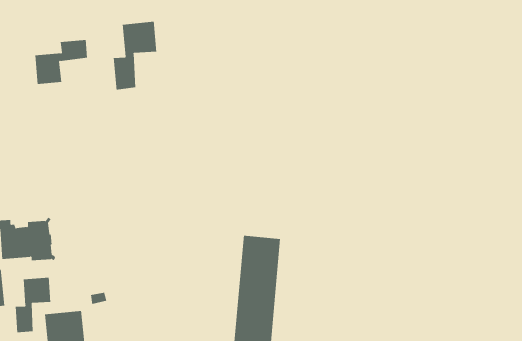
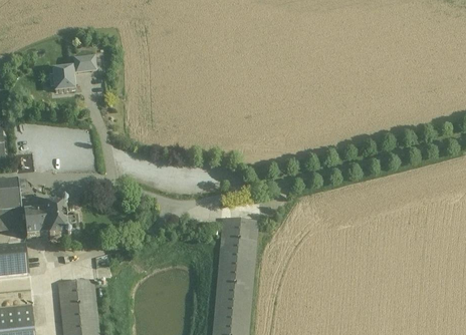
building: [113,21,157,90] -> none
building: [15,277,51,333] -> none

